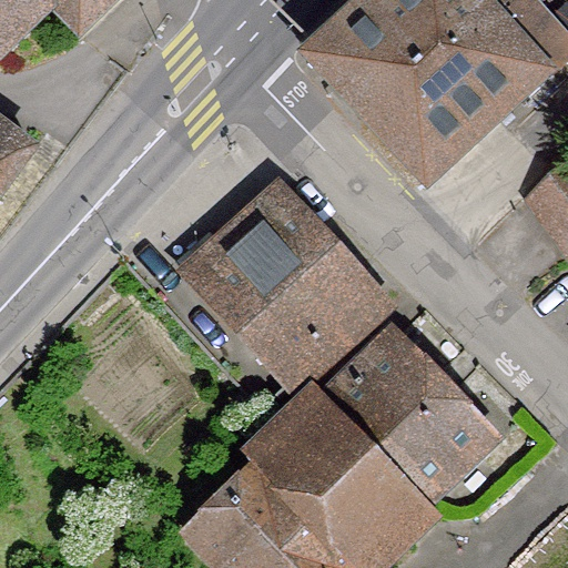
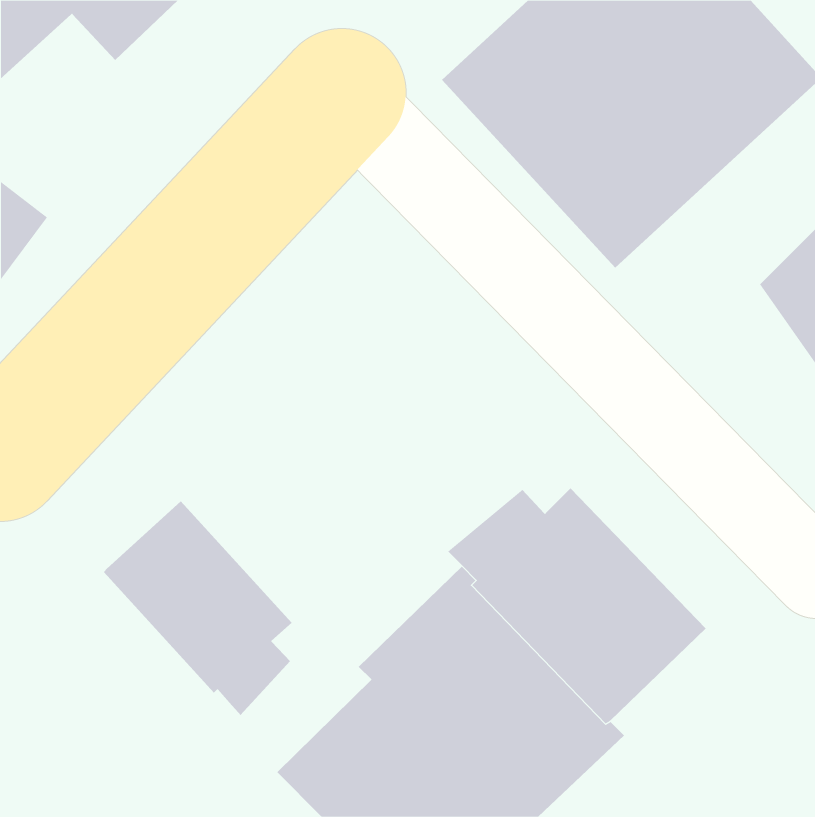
building: [190,194,388,393] -> none
building: none -> [103,500,293,716]

